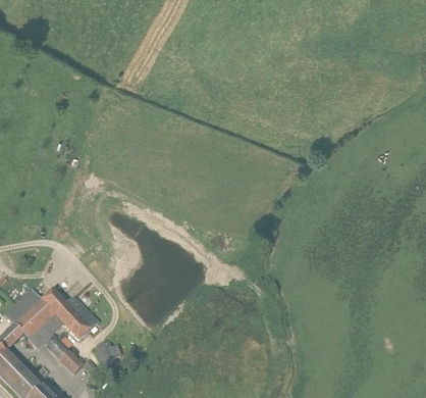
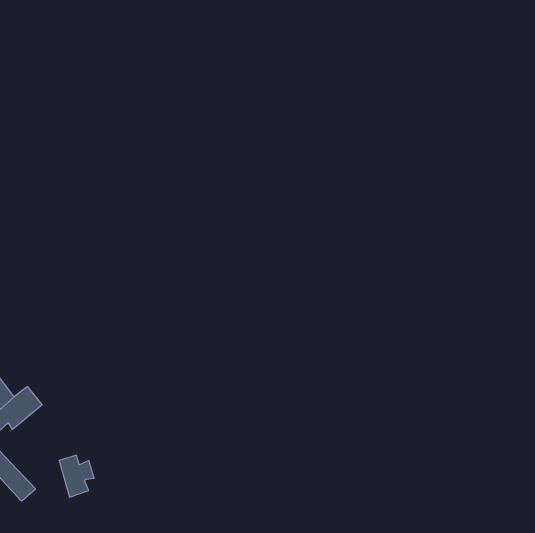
building: [66,308,98,339] -> none

